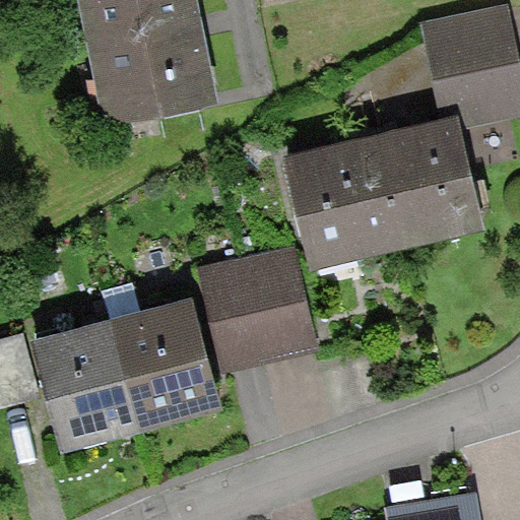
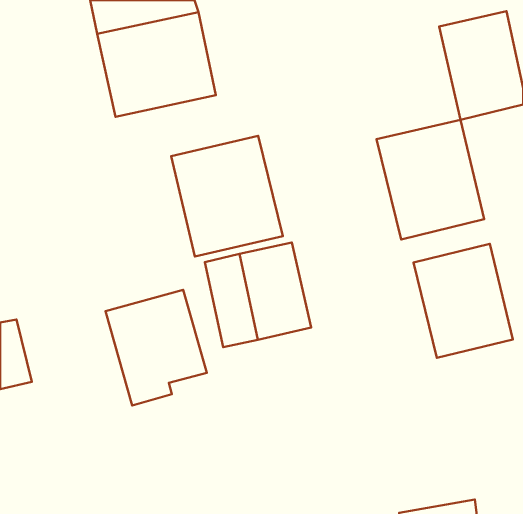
building: [287,147,398,267] -> [171,136,283,257]
building: none -> [413,244,513,358]
building: [29,318,131,425] -> none

